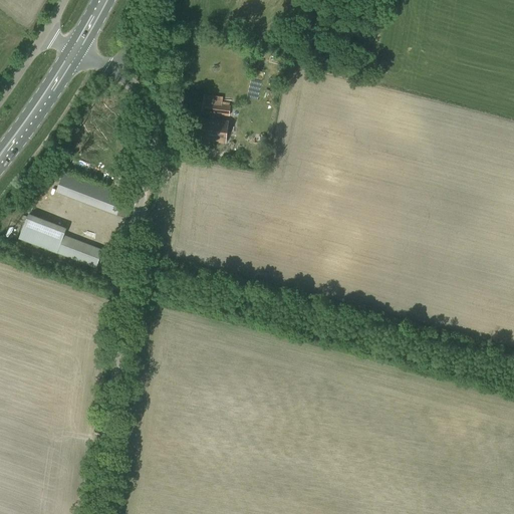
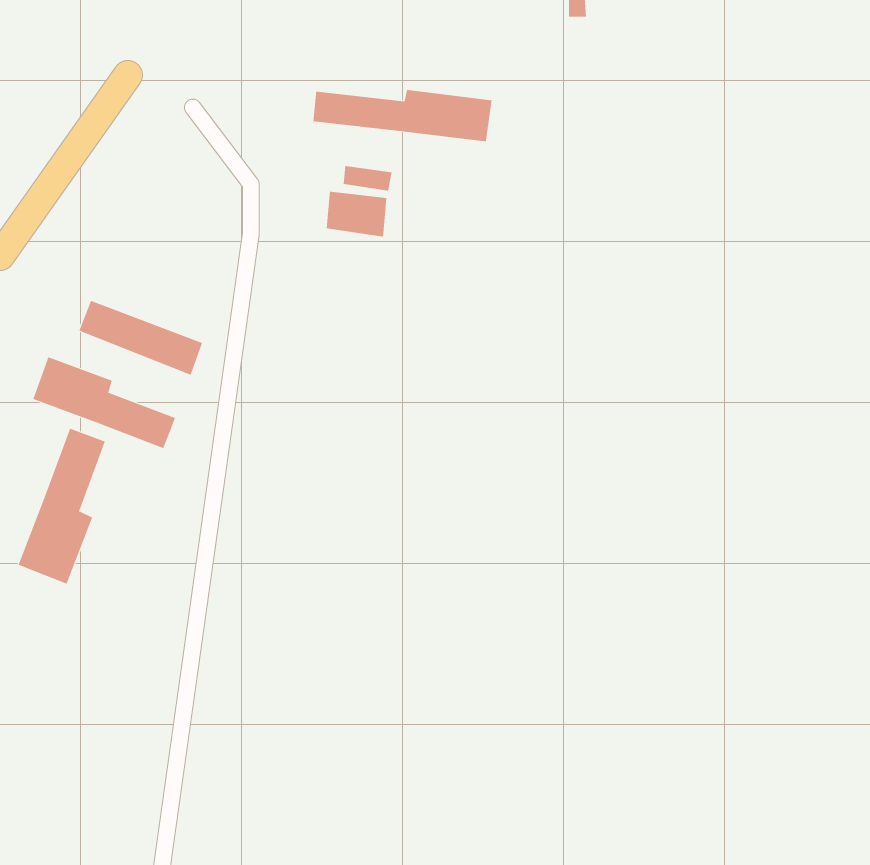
building: none -> [313,89,492,142]
building: none -> [18,428,105,584]

